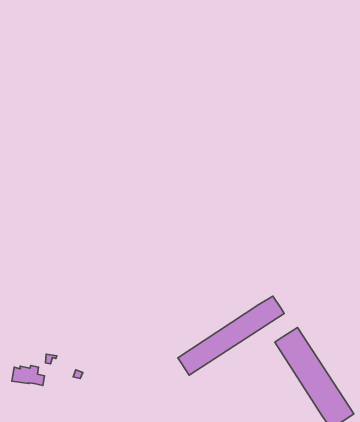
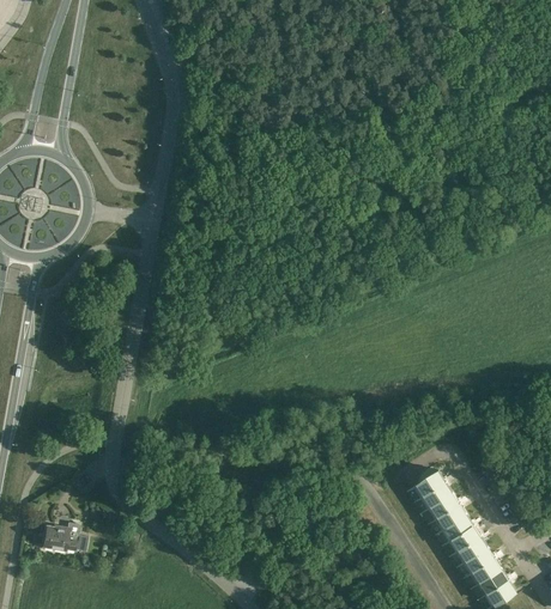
building: [178,296,284,375] -> none

